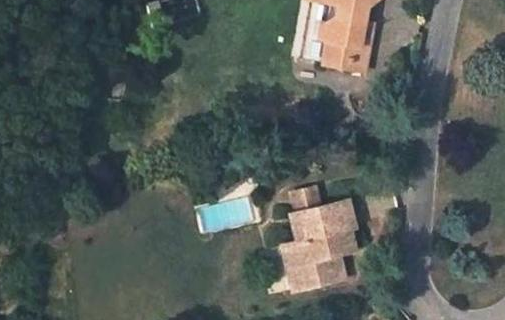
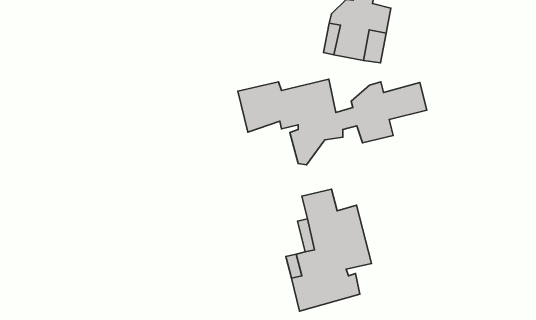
building: none -> [238,79,427,165]

